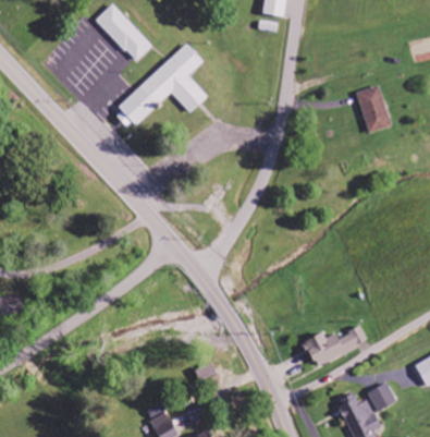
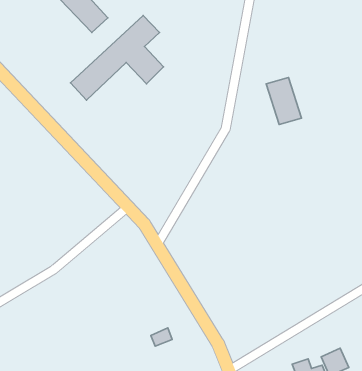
building: [355,84,391,132] -> [266,77,302,125]
building: [303,326,367,365] -> none

